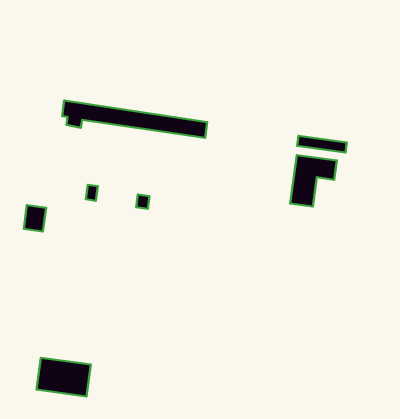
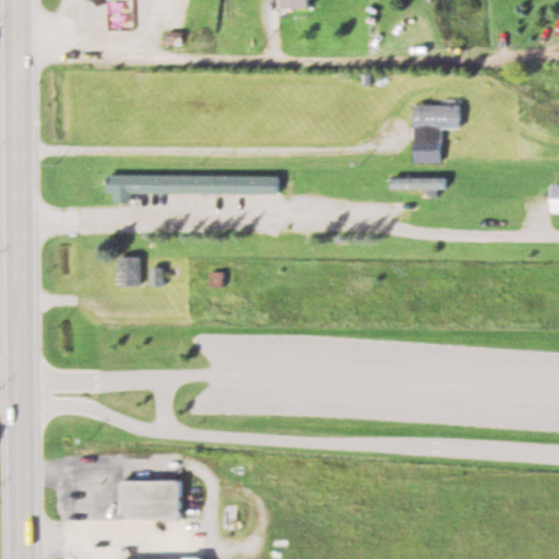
building: [290,155,337,207] -> [414,105,462,163]
building: [24,205,46,231] -> [116,258,139,286]

